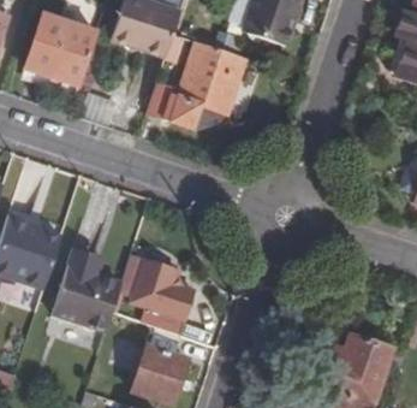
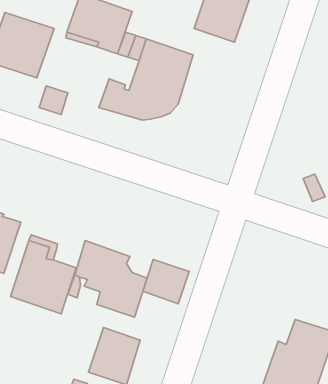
building: none -> [143,260,189,304]

